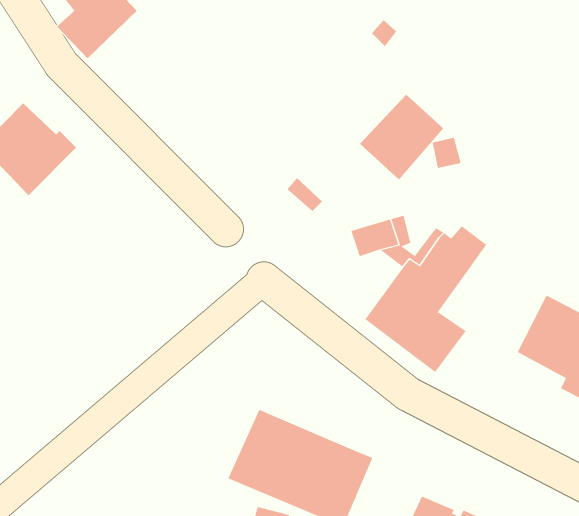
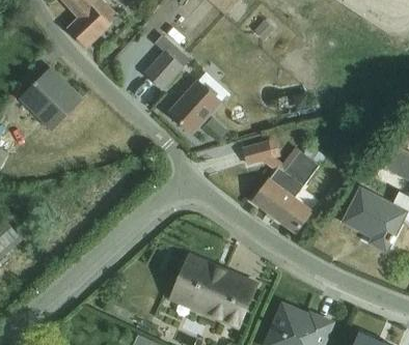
building: none -> [144,42,189,89]
building: [359,94,444,180] -> [168,82,219,134]

